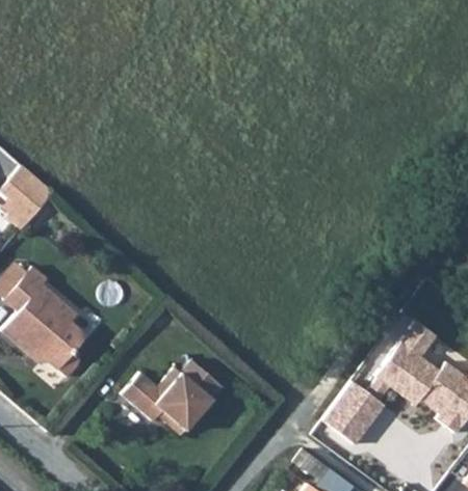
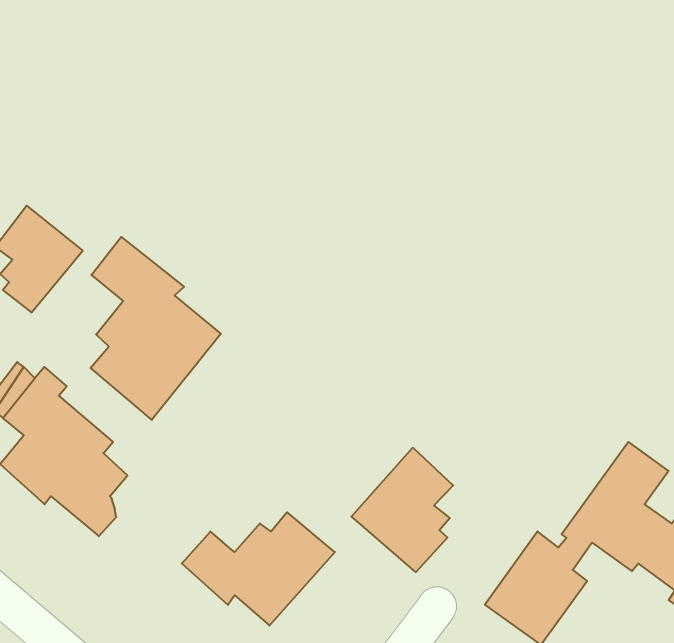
building: none -> [90,237,221,420]
building: none -> [351,448,453,572]

